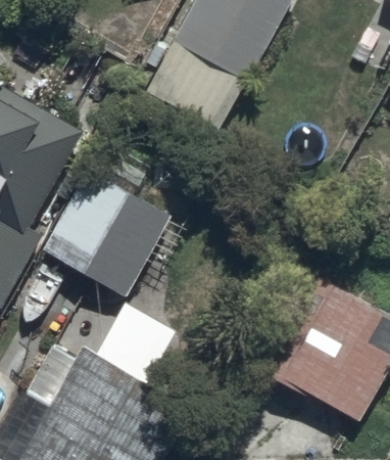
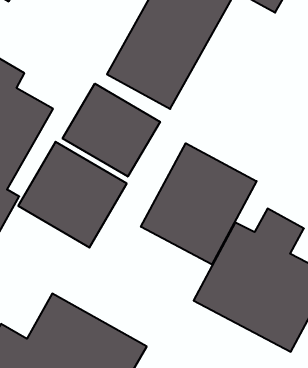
building: none -> [63,84,160,177]
building: none -> [141,143,257,265]

